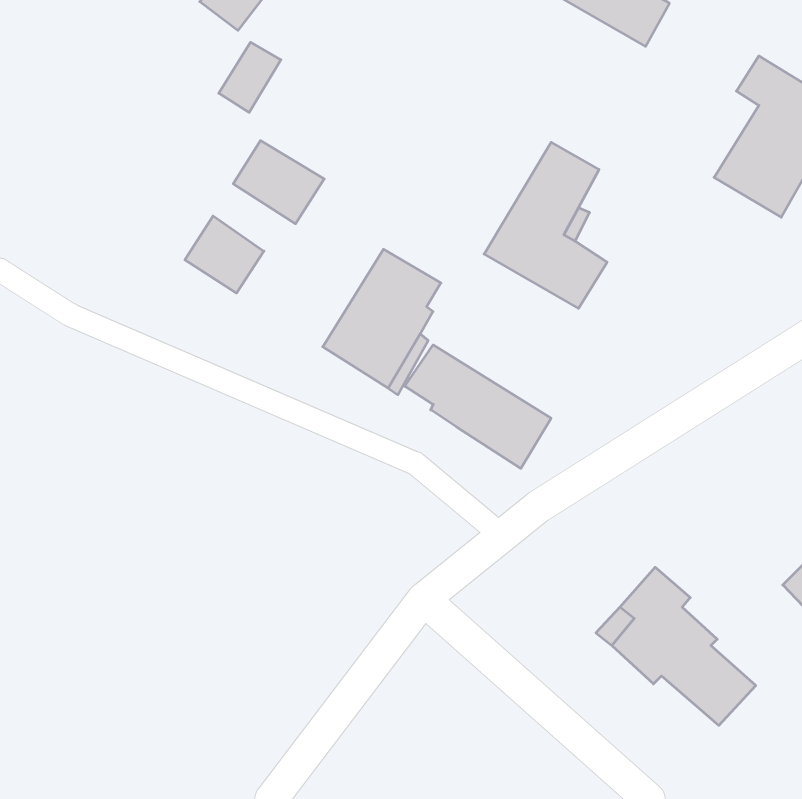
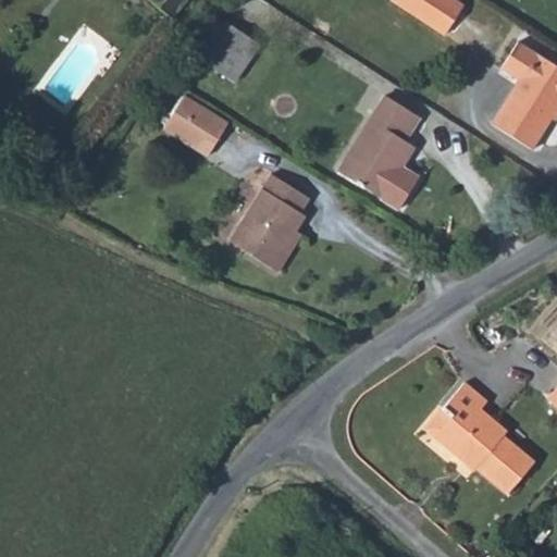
building: [219,42,281,112] -> [212,33,255,81]
building: [185,216,264,293] -> none
building: [405,345,551,468] -> none

